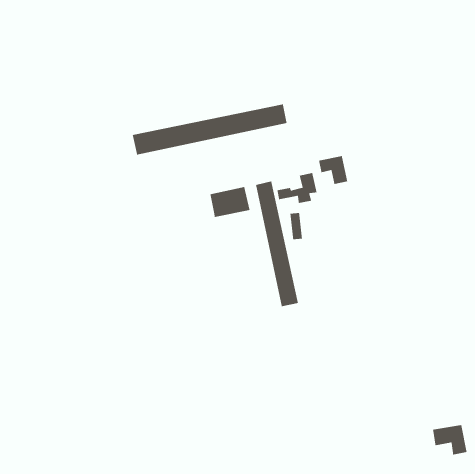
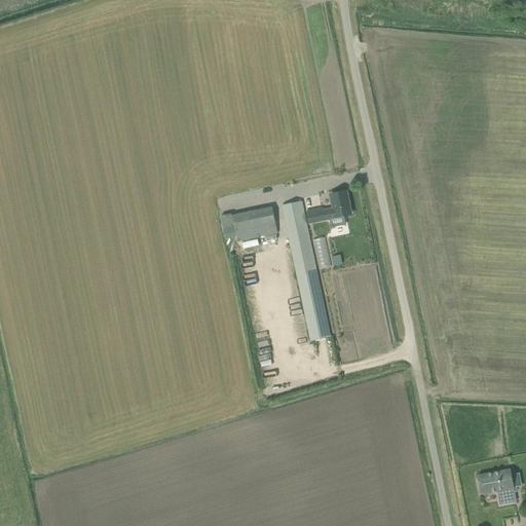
building: [132,103,287,155] -> none
building: [318,155,348,185] -> none

